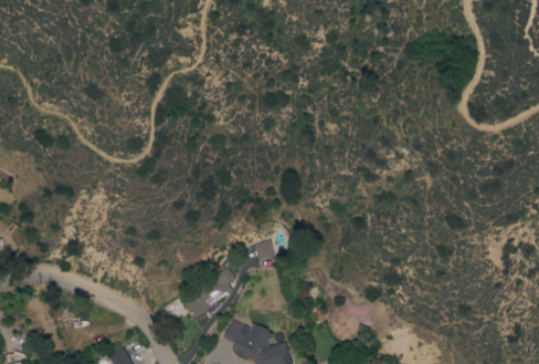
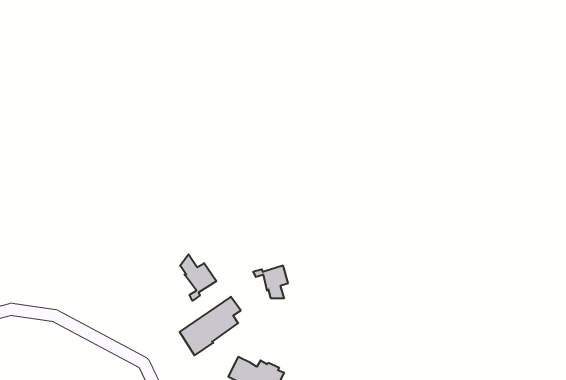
building: none -> [180,254,216,301]

